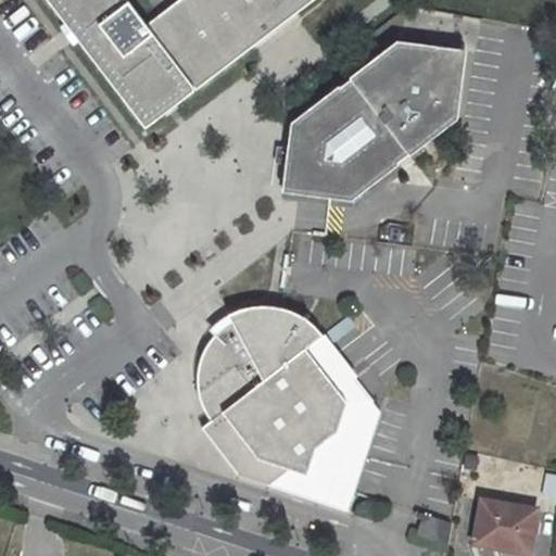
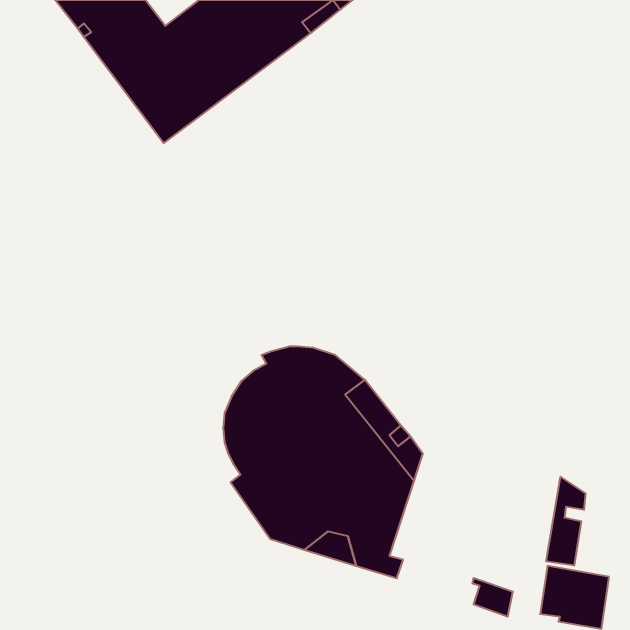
building: [285,43,466,201] -> none
building: none -> [546,477,585,566]

